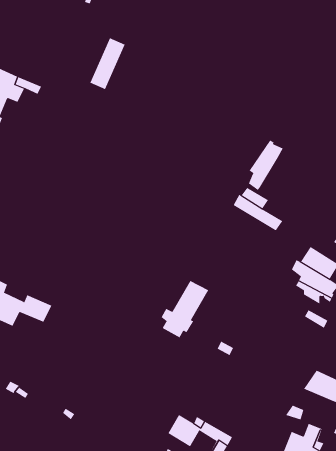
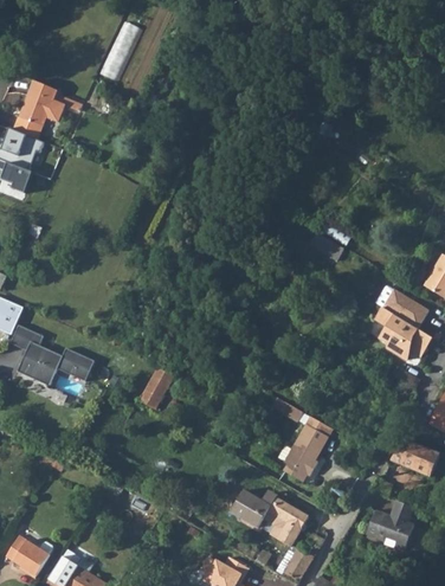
building: [89,38,126,90] -> [99,19,142,81]
building: [248,140,283,191] -> none
building: [161,280,209,338] -> [282,416,338,484]
building: none -> [135,368,169,410]

